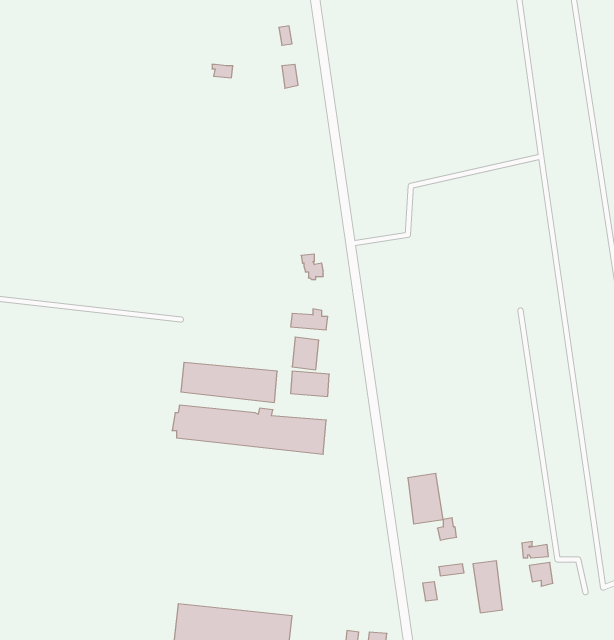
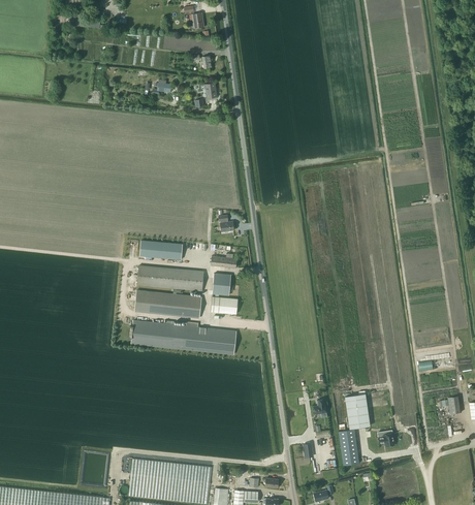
building: none -> [138,240,183,260]
building: none -> [137,265,203,290]
building: [408,473,443,524] -> [345,393,370,429]

